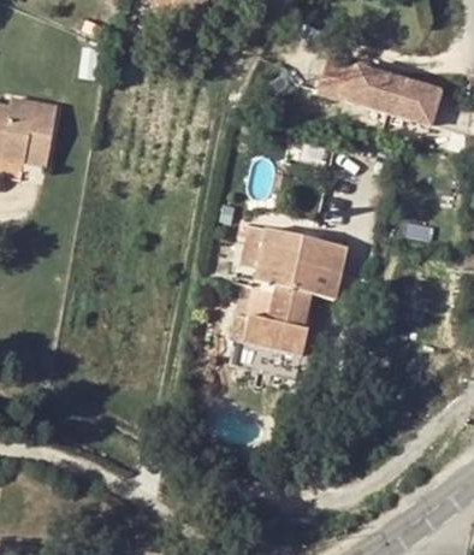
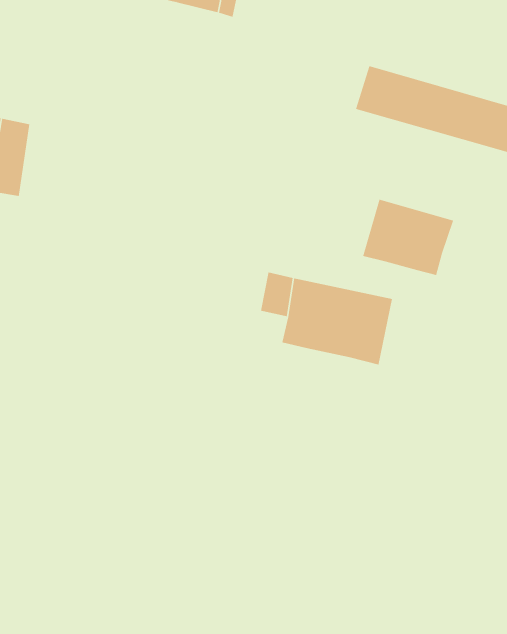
building: none -> [362,199,454,276]
building: [243,284,310,354] -> none

